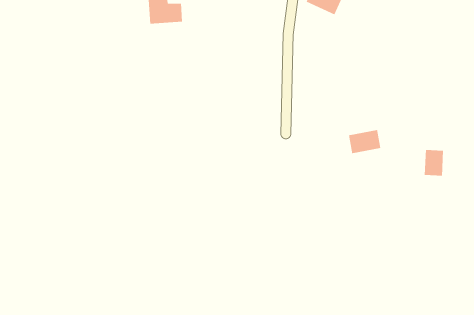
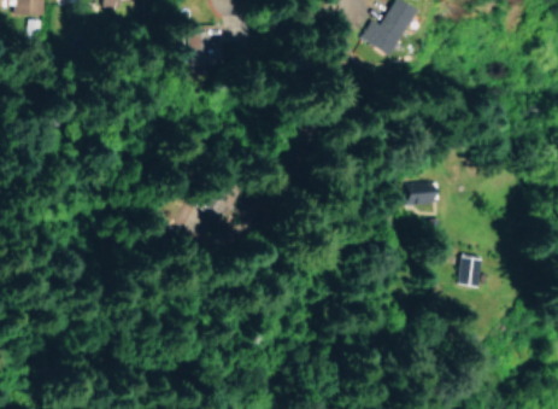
building: [424,150,444,176] -> [458,257,480,286]

